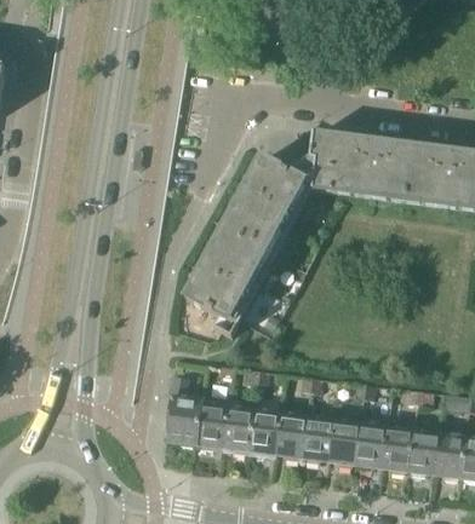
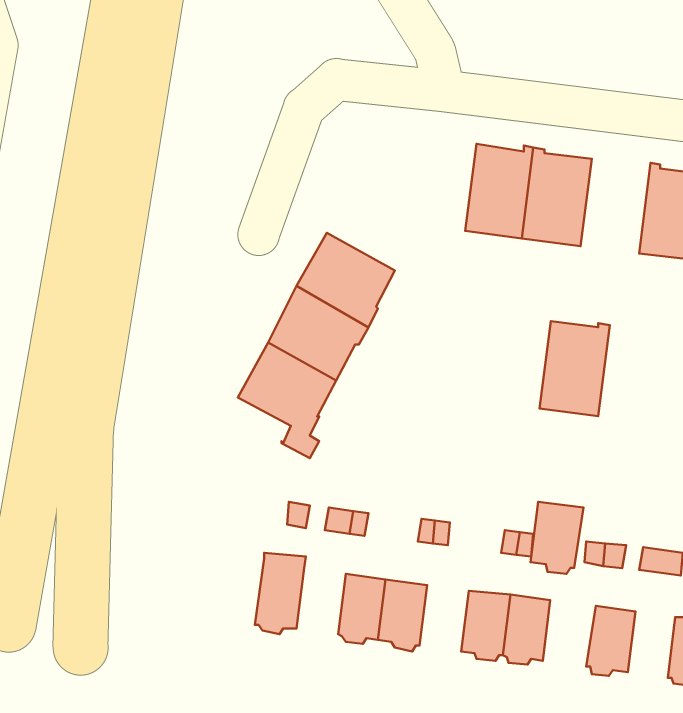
building: [242,132,338,215] -> none
building: [405,144,450,205] -> [540,321,610,416]
building: [167,376,202,445] -> none
building: [223,405,254,451] -> none
building: [302,416,333,461] -> none
building: [380,426,414,472] -> [531,502,584,574]
building: [435,433,465,478] -> none

